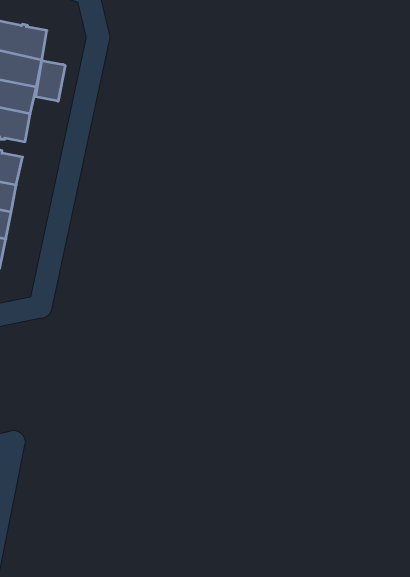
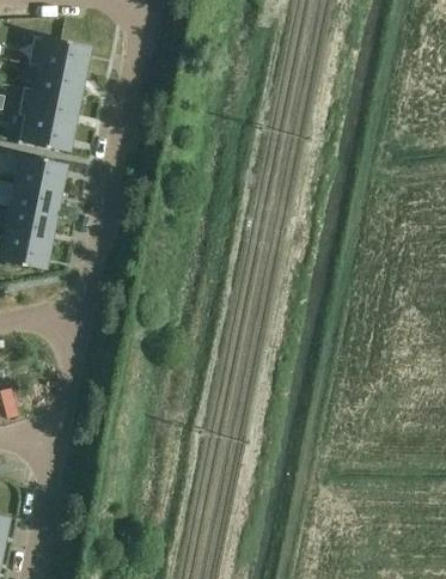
building: [36,60,65,101] -> none

